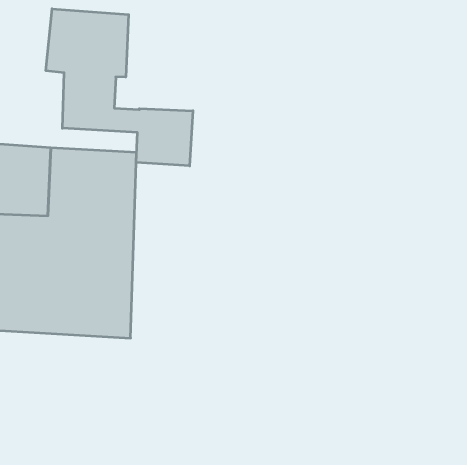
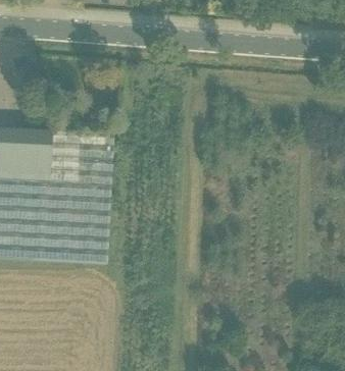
building: [46,9,193,166] -> none

